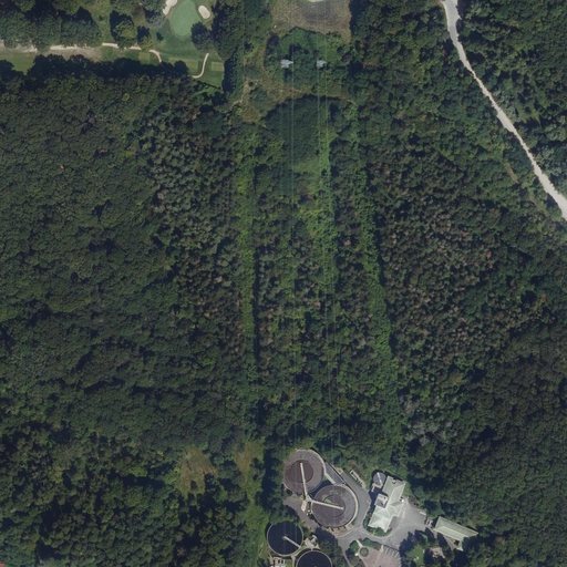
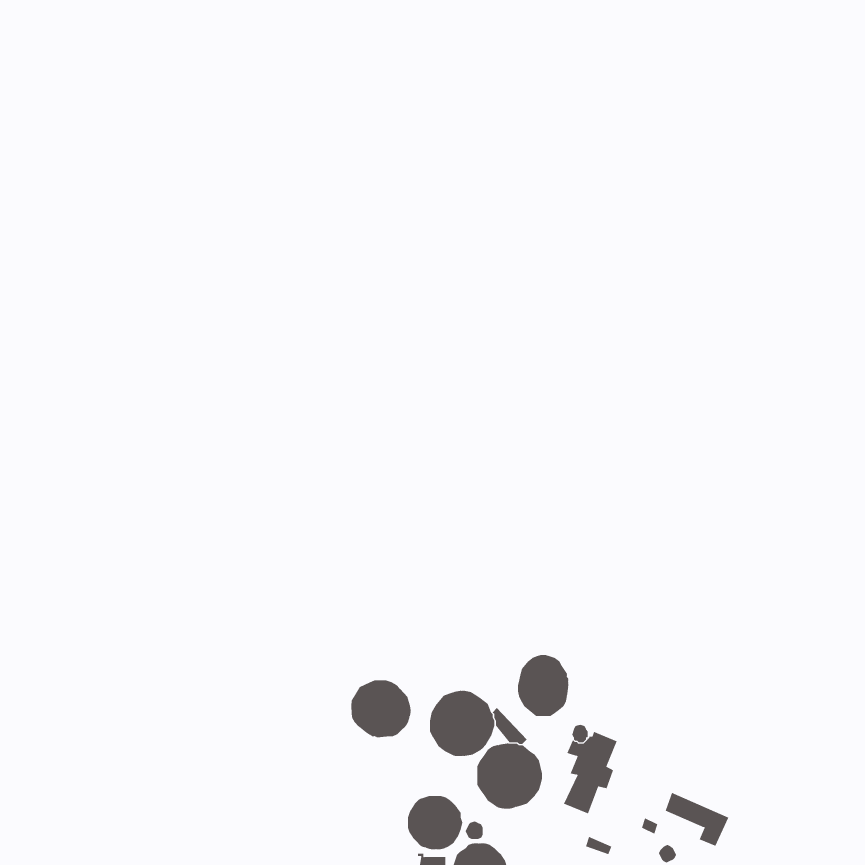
building: none -> [517,654,569,717]
building: none -> [351,680,411,738]

